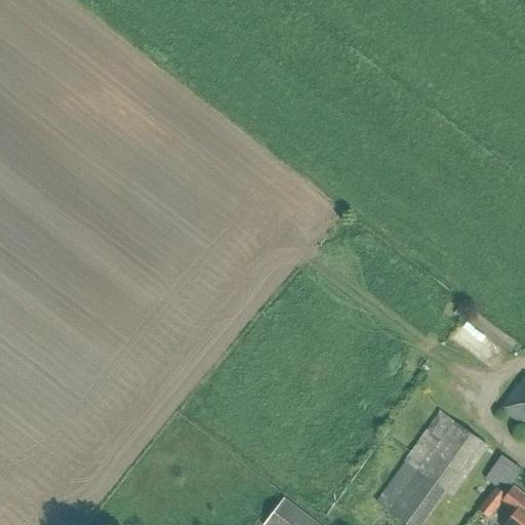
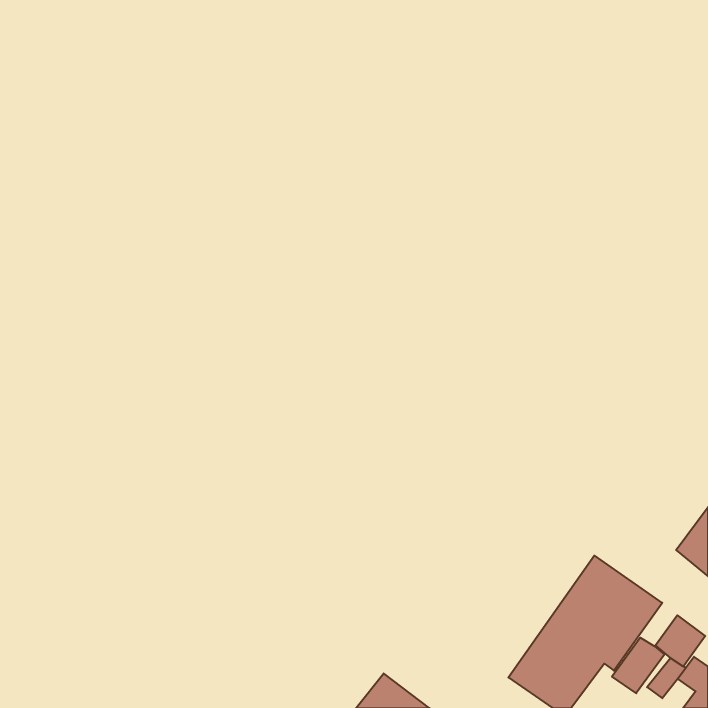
building: none -> [612,638,664,693]

